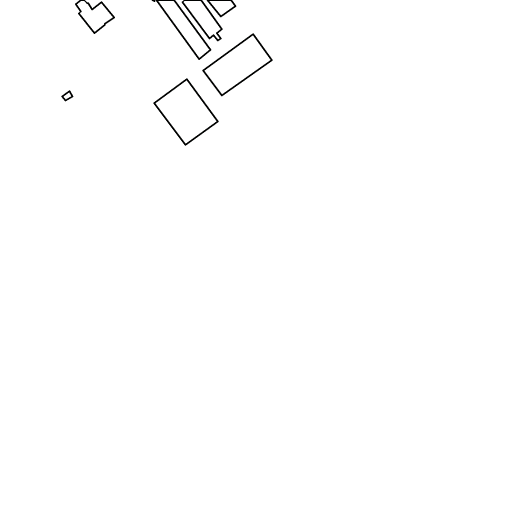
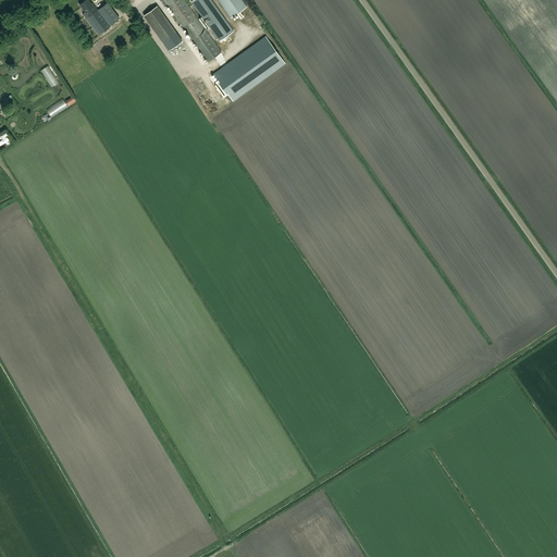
building: none -> [144,5,183,50]
building: [154,79,218,145] -> none

